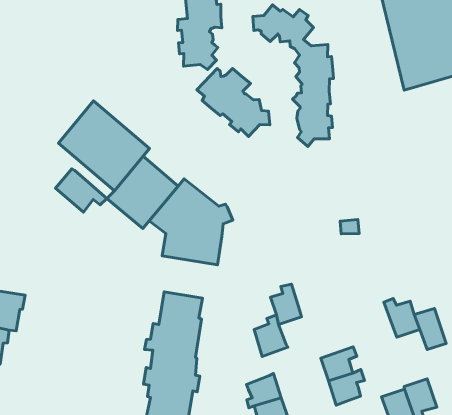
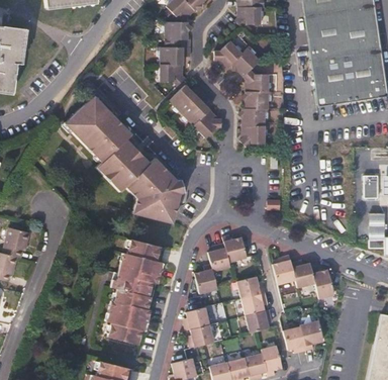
building: [55,169,107,212] -> none
building: none -> [223,233,247,262]
building: none -> [273,255,296,285]
building: none -> [237,276,266,298]

